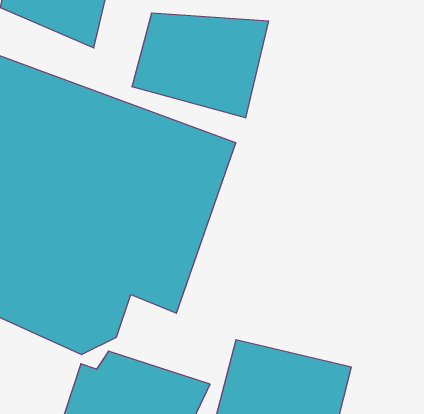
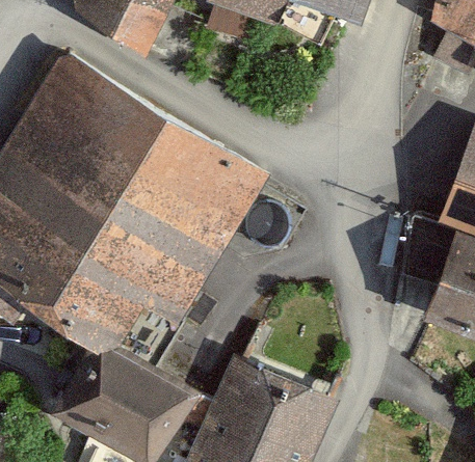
building: [132,13,268,118] -> none

